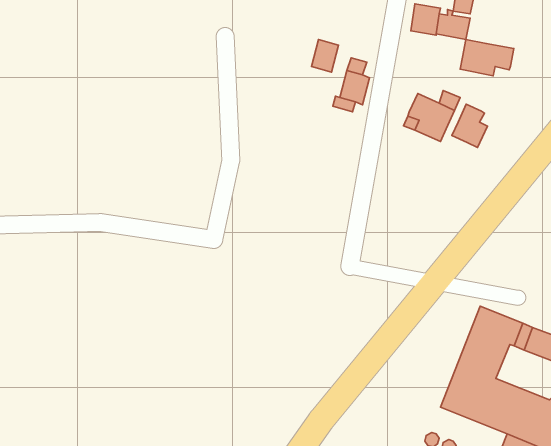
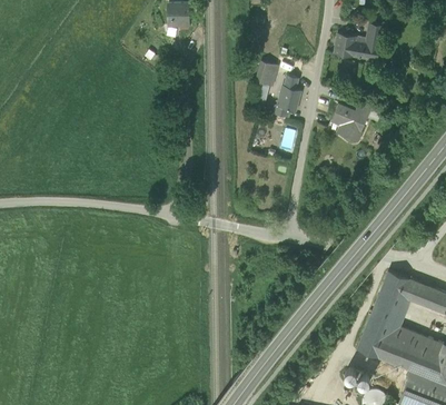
building: [460,39,514,76] -> none
building: [452,104,488,147] -> none

